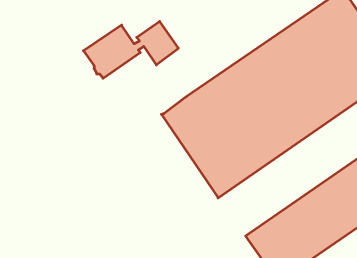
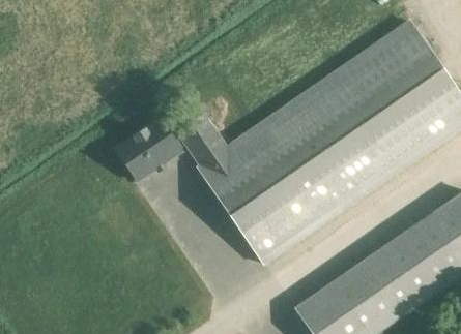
building: [83,21,178,78] -> [115,115,226,181]

